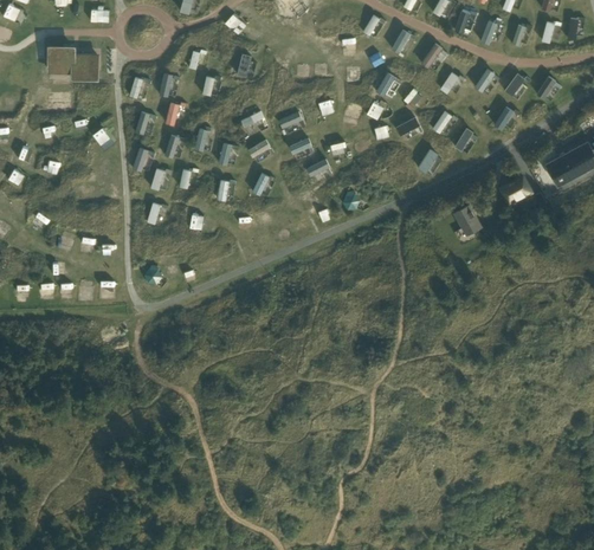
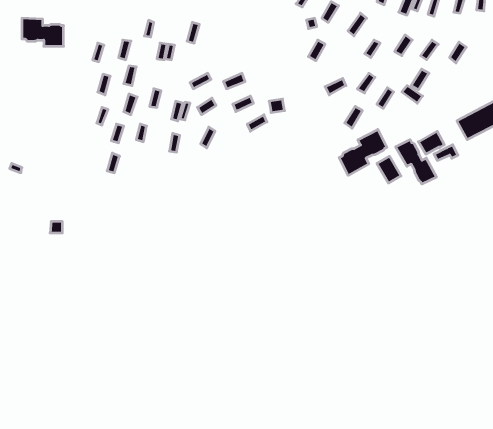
building: none -> [339,129,387,175]
building: none -> [396,140,436,184]

